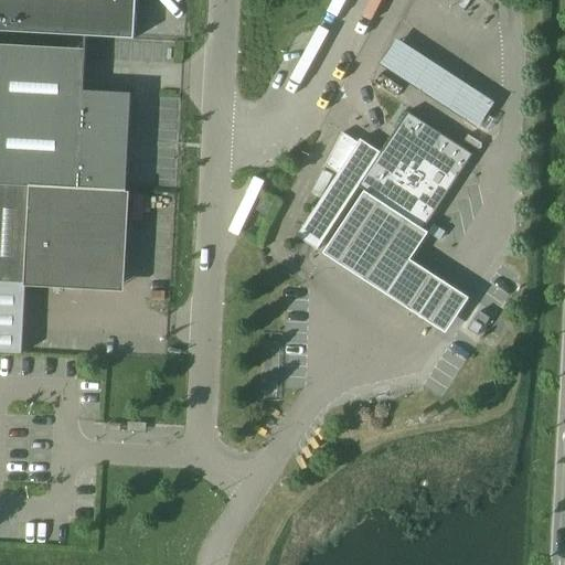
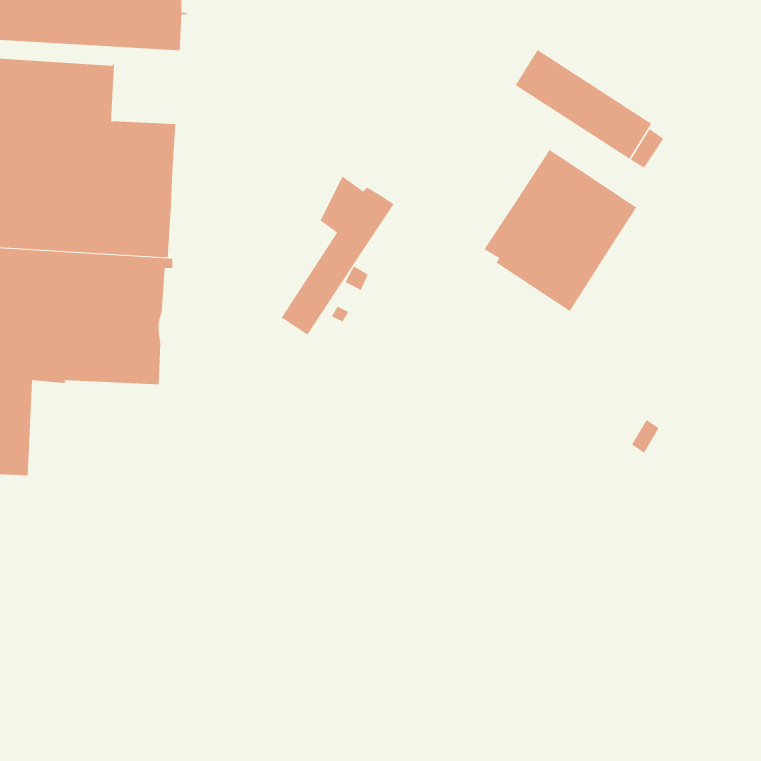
building: [296,130,380,248] -> [281,176,394,336]
building: [324,194,473,338] -> none

